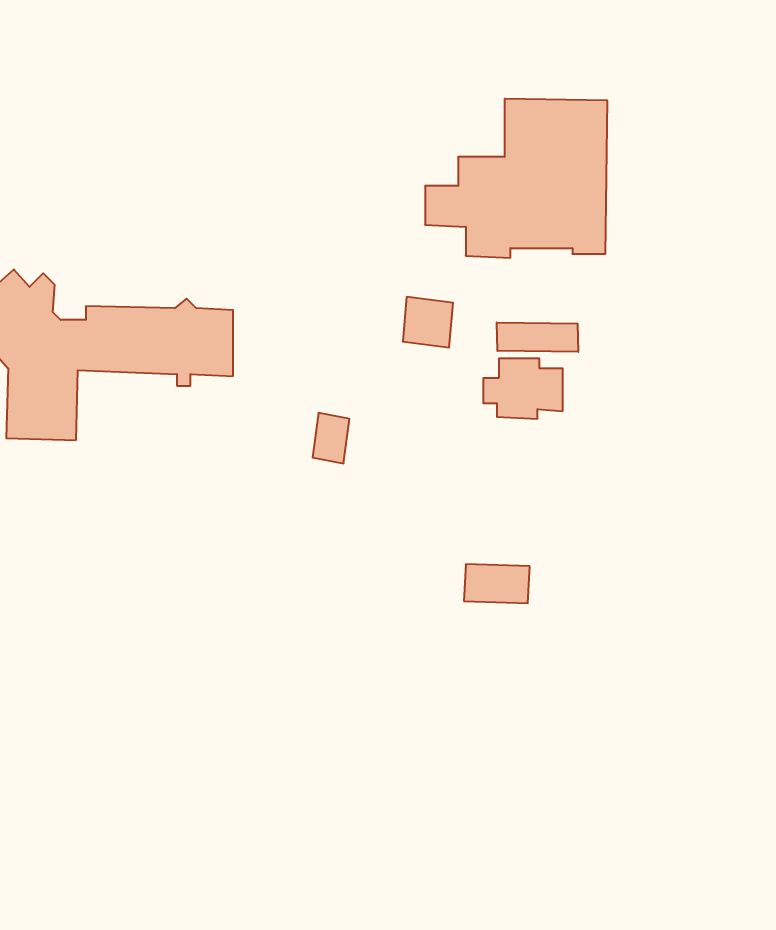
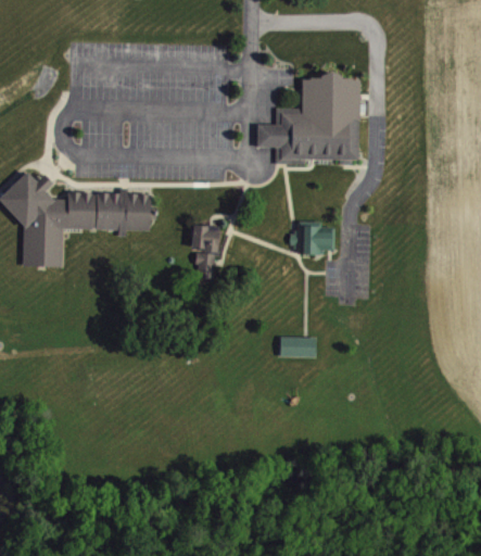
building: [403,297,453,347] -> [191,224,219,252]
building: [497,322,578,352] -> none

